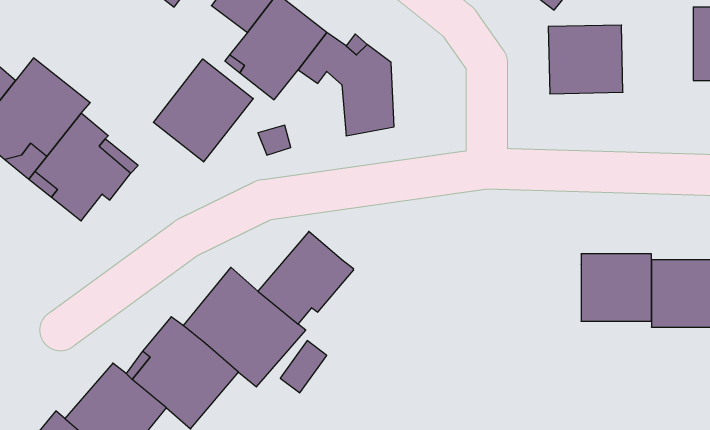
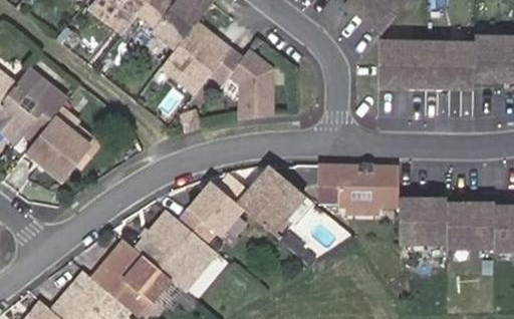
building: none -> [426,45,474,90]
building: [153,59,253,162] -> none
building: none -> [316,165,399,206]
building: none -> [238,166,303,233]

